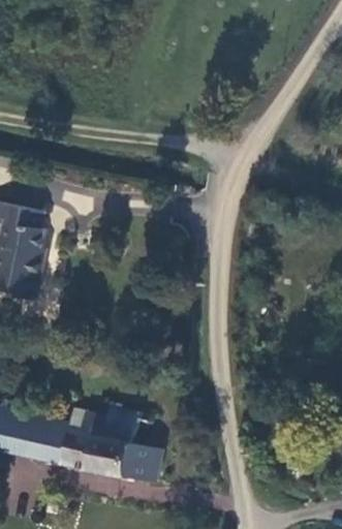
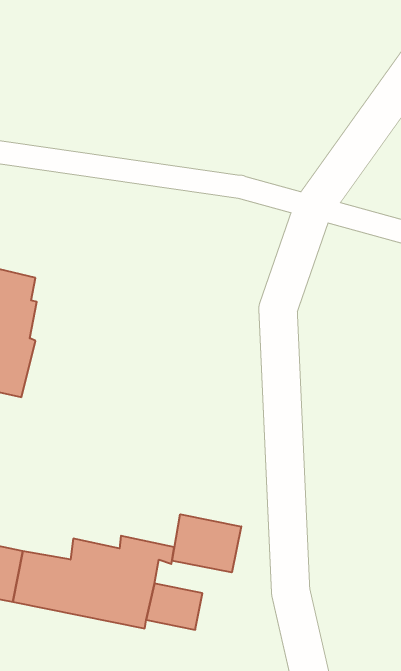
building: none -> [172,514,241,572]

